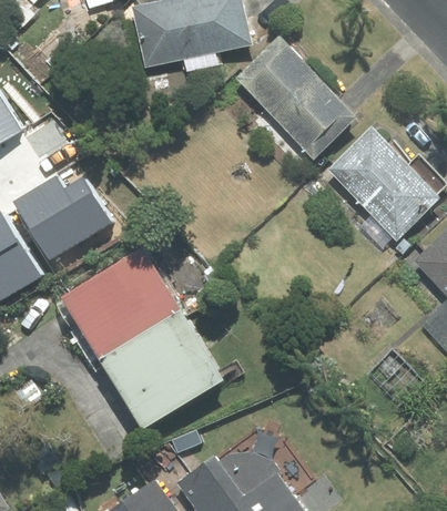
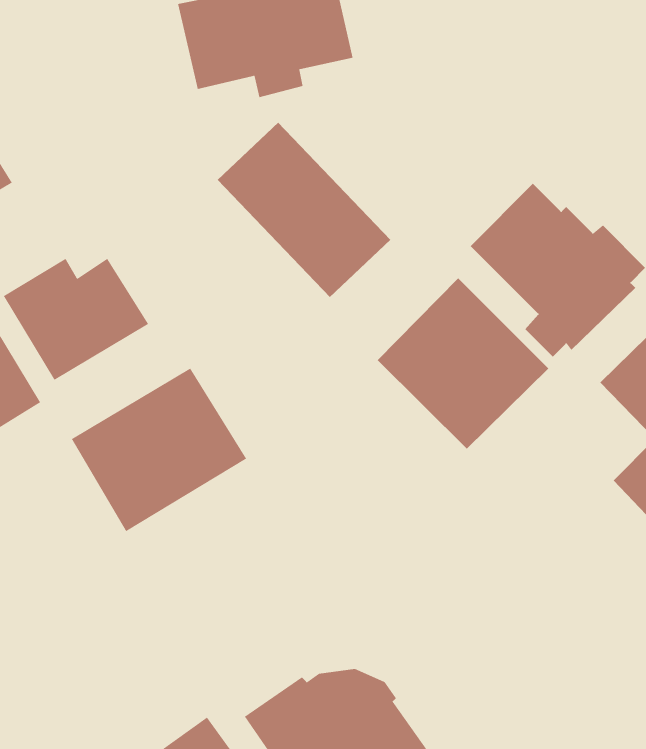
building: [237,39,354,156] -> [217,122,391,298]
building: none -> [377,277,549,449]
building: [99,311,221,429] -> none

